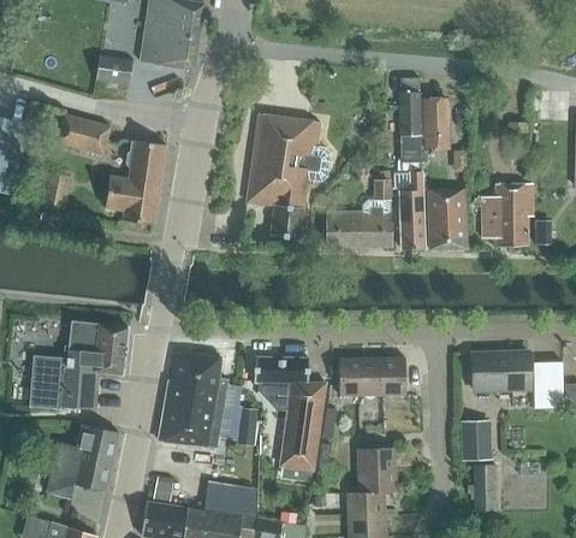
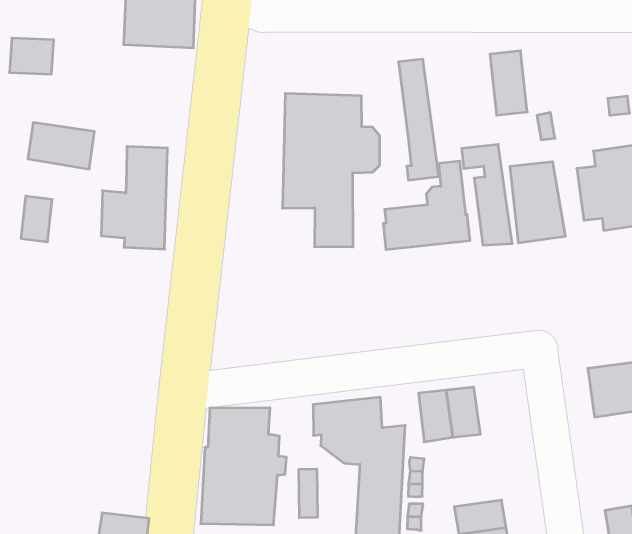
building: [96,54,133,85] -> [9,38,54,74]
building: [398,78,422,171] -> [398,59,439,180]
building: [30,321,129,409] -> none
building: [382,357,405,395] -> none
building: [461,420,488,460] -> none

